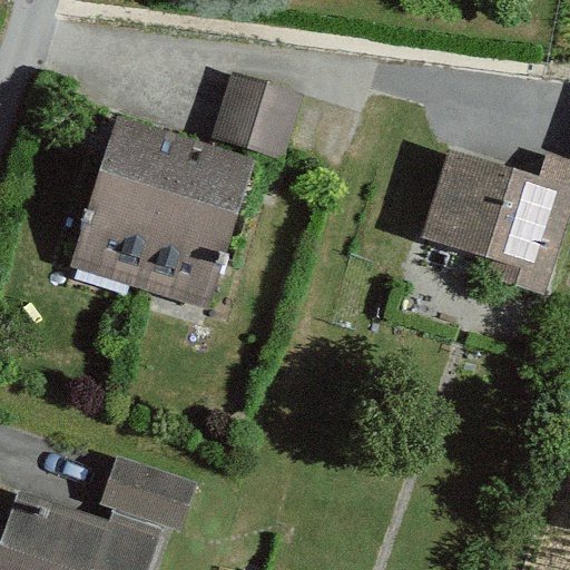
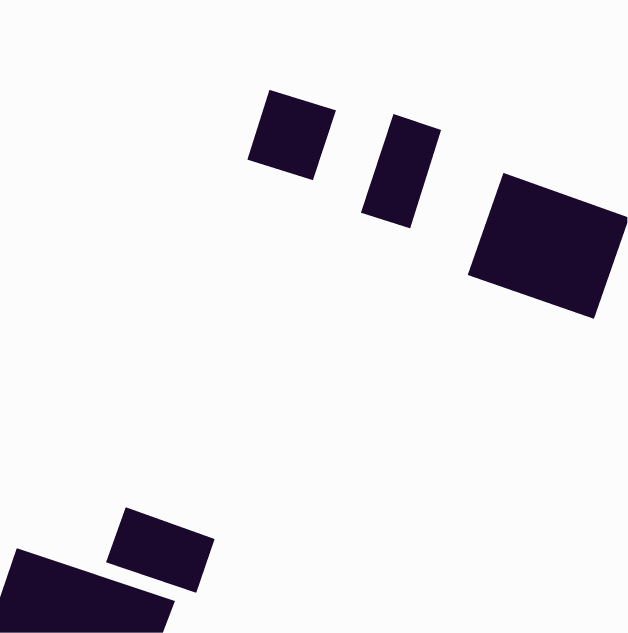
building: none -> [360,113,442,229]
building: [77,121,252,294] -> none

